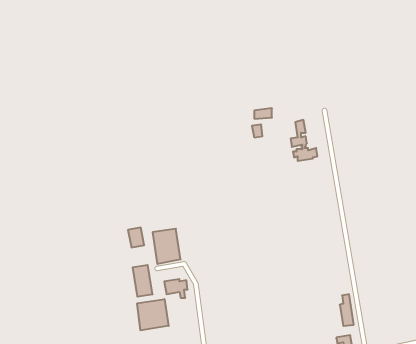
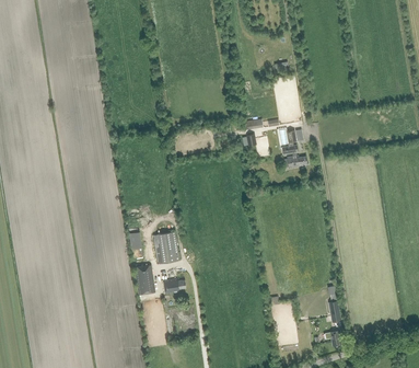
building: [137,299,169,330] -> none

